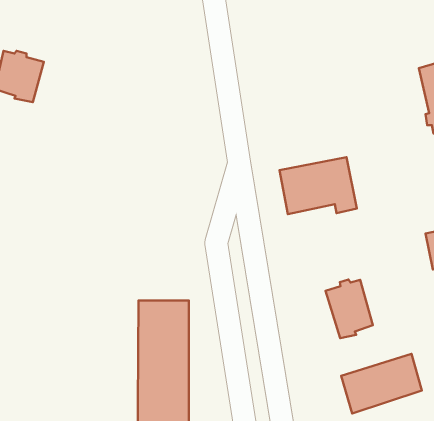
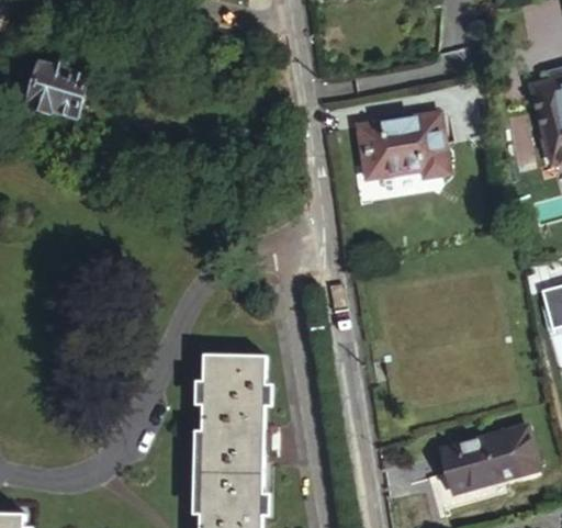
building: [280,157,357,214] -> [358,112,450,180]
building: [325,279,373,338] -> none

